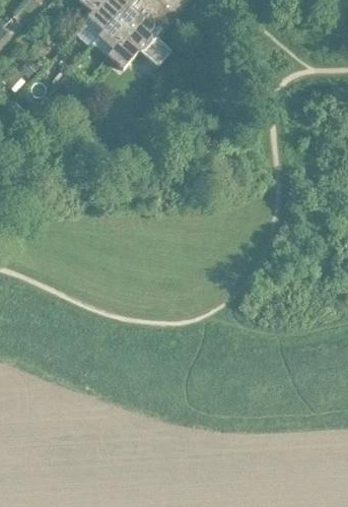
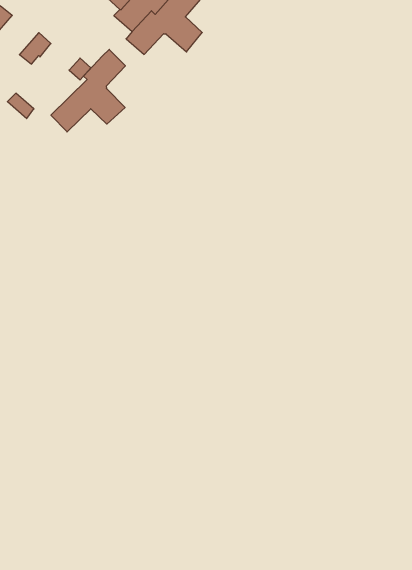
building: none -> [51,49,125,132]

